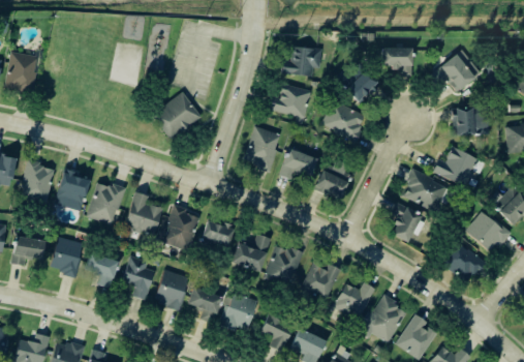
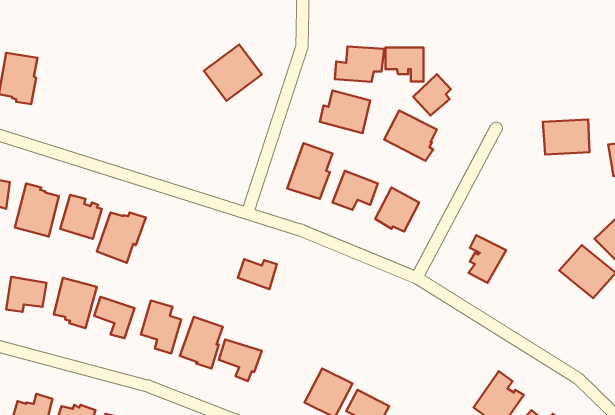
building: [380,48,411,76] -> [386,48,423,82]
building: [434,49,481,91] -> none
building: [153,92,201,139] -> [204,44,262,101]
building: [432,146,477,185] -> none
building: [403,168,446,211] -> none
building: [124,191,163,237] -> none
building: [164,204,199,249] -> none
building: [230,233,271,273] -> none
building: [439,239,487,279] -> none
building: [266,246,303,282] -> none
building: [302,263,340,298] -> none
building: [329,282,375,320] -> none
building: [219,291,257,330] -> none
building: [366,294,407,342] -> none

